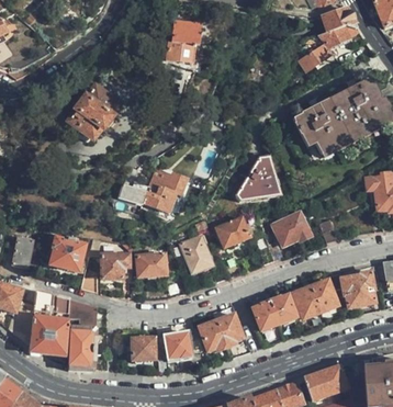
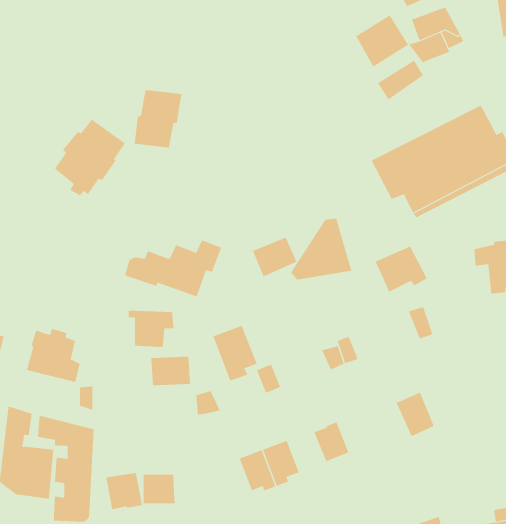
building: none -> [356,15,409,68]
building: [166,21,200,63] -> [134,89,182,148]
building: [272,213,310,246] -> [375,246,428,292]
building: [216,218,248,247] -> [252,237,297,277]
building: [96,253,128,280] -> [128,310,175,347]
building: [329,271,373,308] -> none
building: [293,287,321,318] -> none
building: [268,295,294,323] -> none
building: [164,332,190,359] -> [105,473,143,510]

